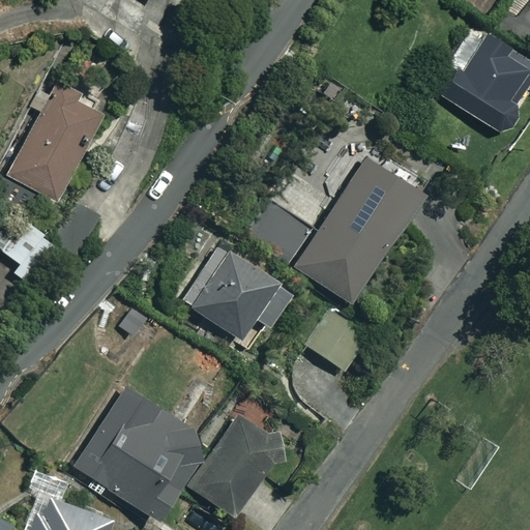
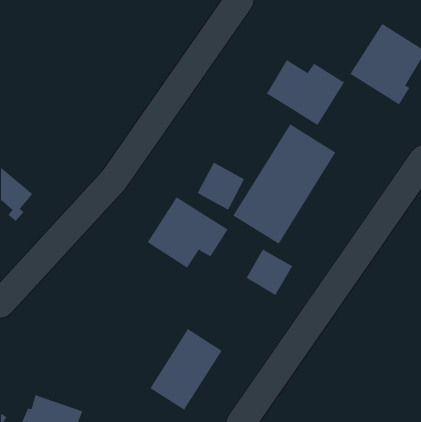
building: none -> [266,59,345,126]
building: [9,80,107,200] -> none
building: [75,387,206,518] -> none

